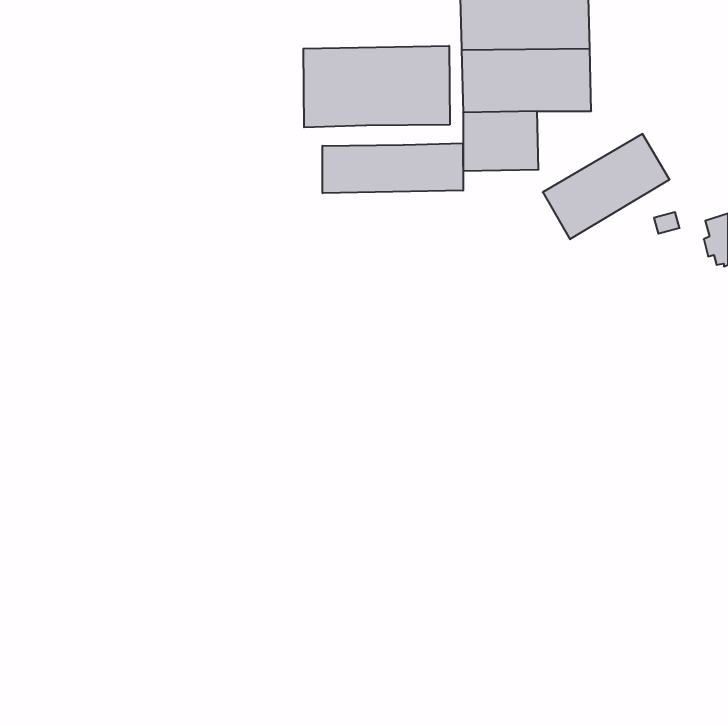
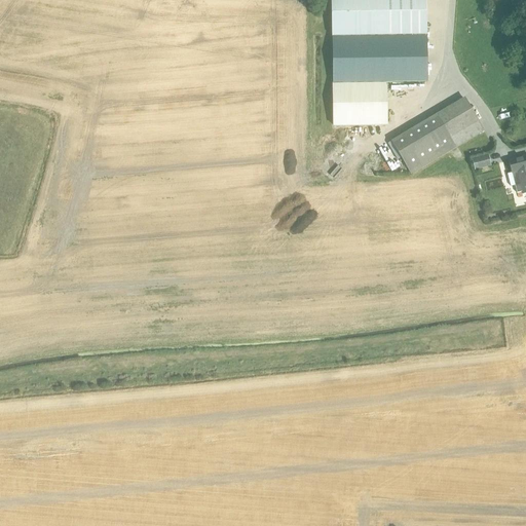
building: [303,46,450,127] -> none
building: [322,143,463,193] -> none

